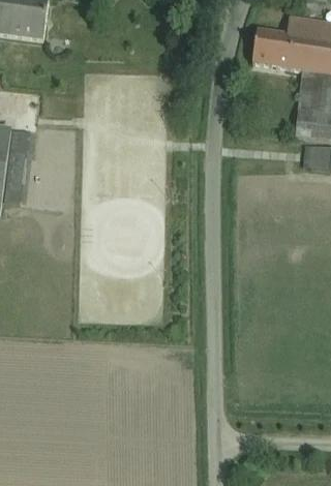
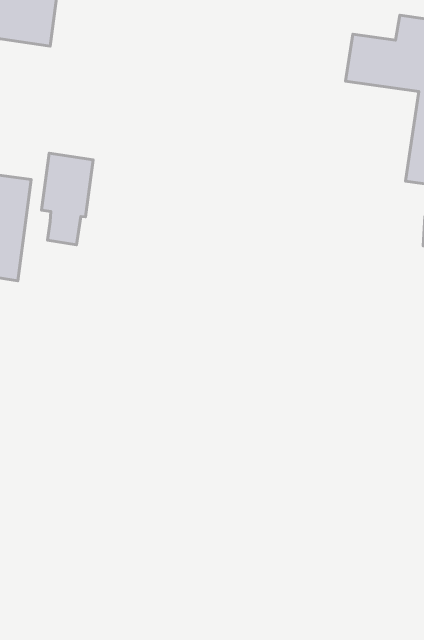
building: none -> [41,153,93,245]

